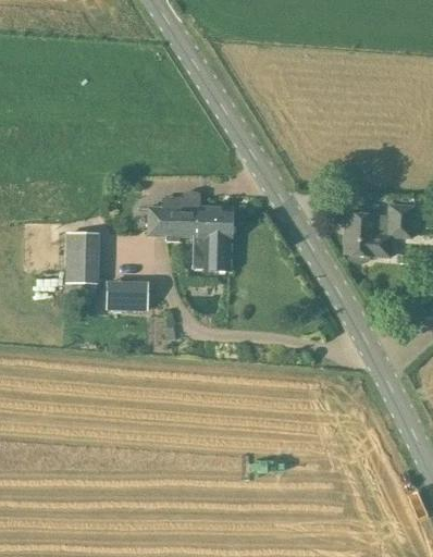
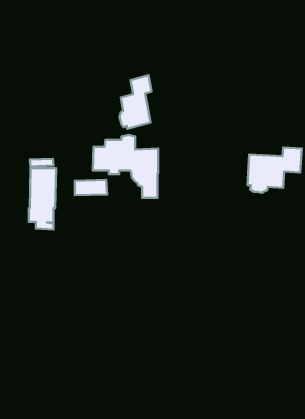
building: none -> [119,75,152,129]
building: [104,288,146,308] -> [75,180,107,195]

